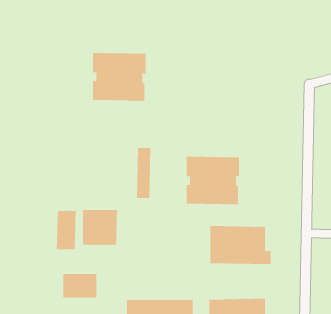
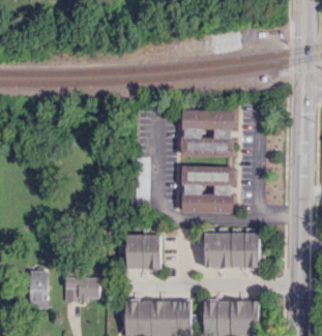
building: [92,52,146,101] -> [182,110,234,156]
building: [82,209,118,245] -> [126,235,160,269]
building: [56,211,77,250] -> [28,271,48,308]

